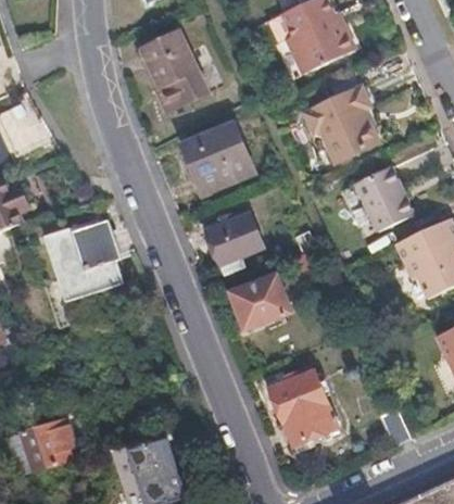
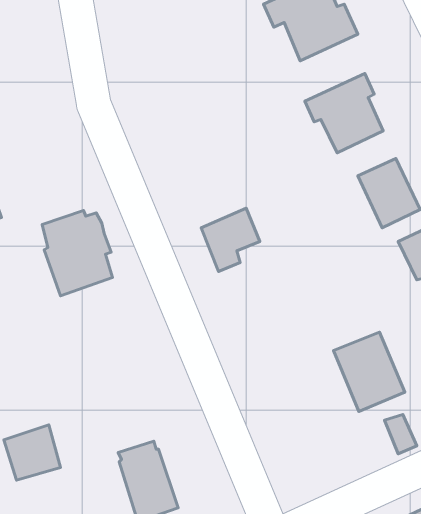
building: [141,32,205,110] -> none
building: [184,125,251,191] -> none
building: [232,278,289,327] -> none
building: [269,370,337,445] -> [333,332,405,412]

